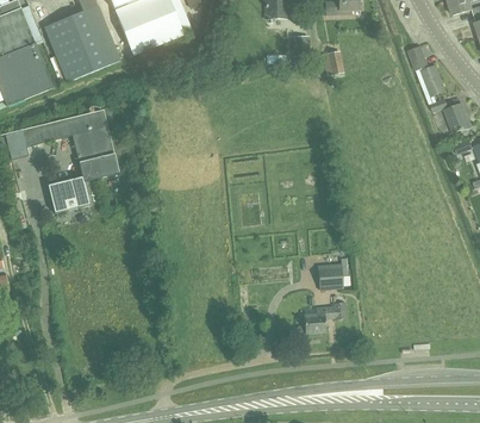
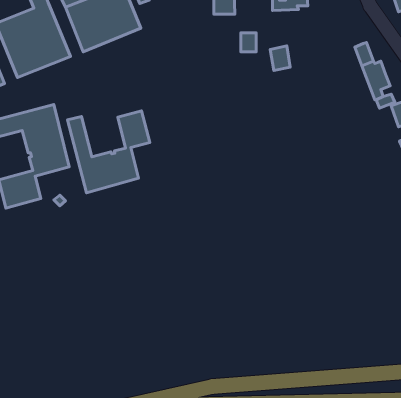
building: none -> [67,111,150,193]
building: [316,262,342,287] -> none
building: [295,300,345,332] -> none

